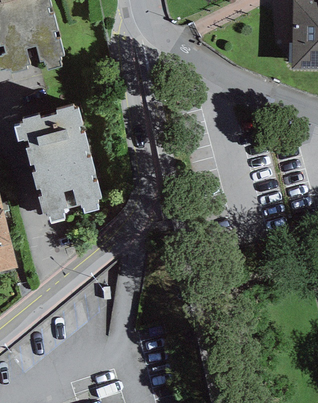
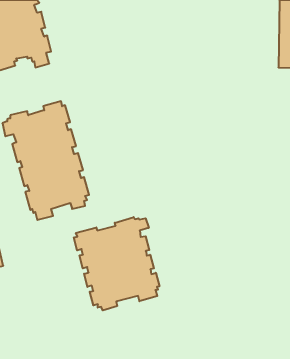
building: none -> [74,217,159,310]

